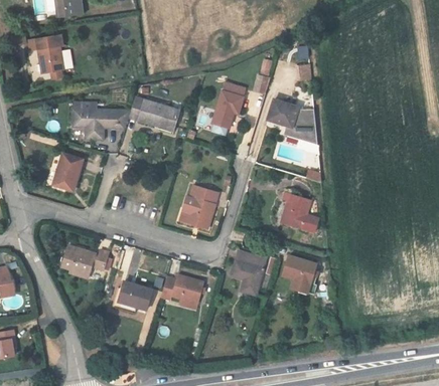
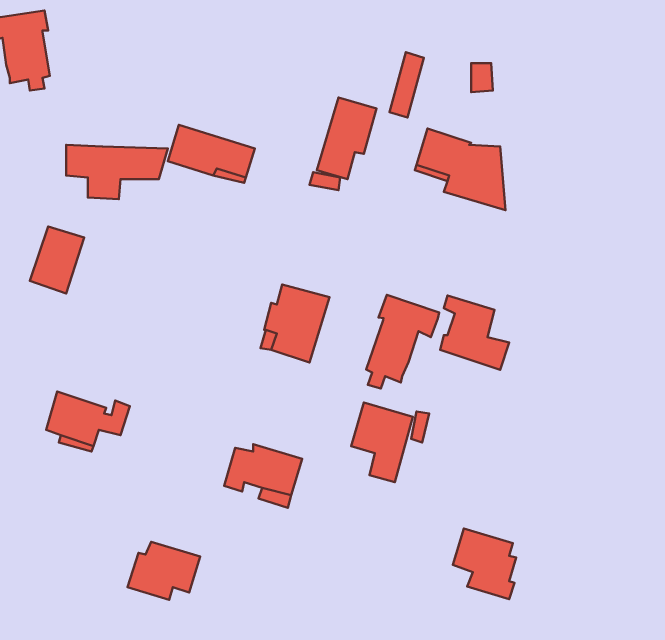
building: none -> [366,295,439,389]
building: [283,254,318,294] -> [453,529,516,599]
building: [112,280,152,313] -> [128,542,200,600]

